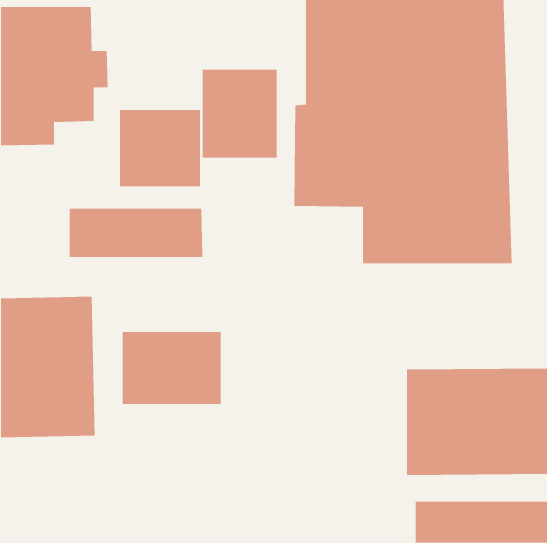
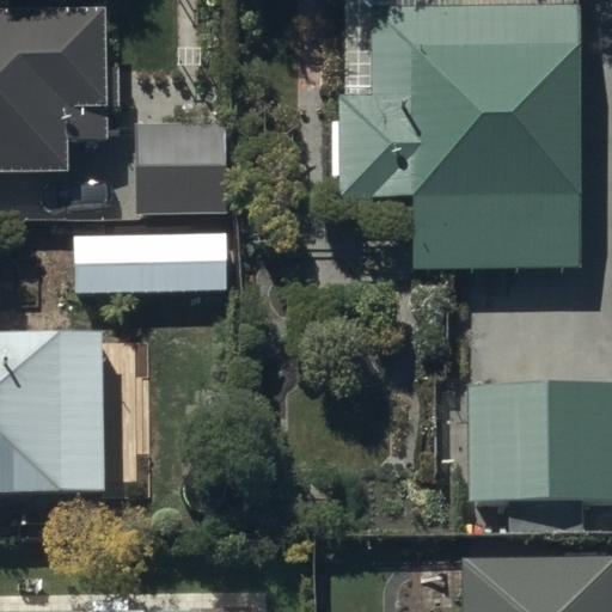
building: [202,69,277,159] -> none
building: [122,331,221,405] -> none

